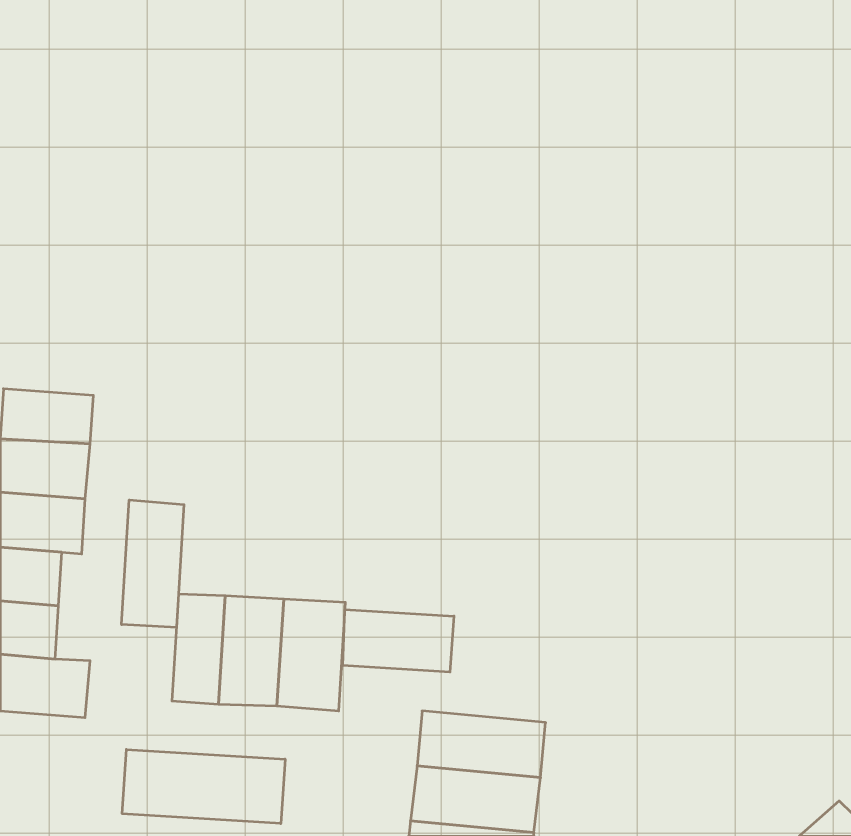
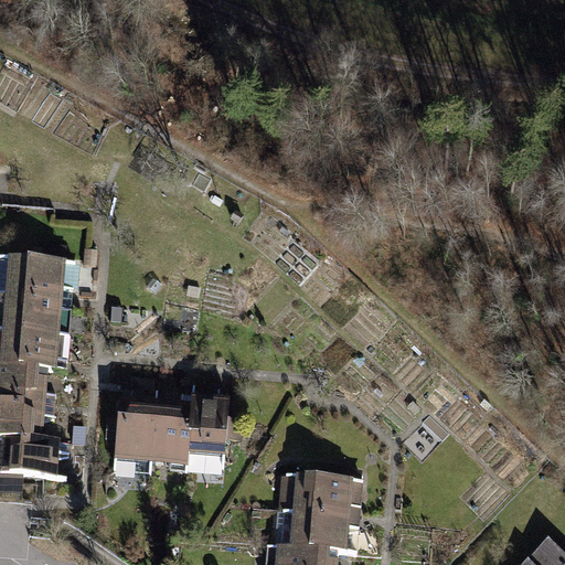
building: [122,500,184,627] -> none
building: [343,609,454,672] -> none
building: [122,749,285,824] -> none

